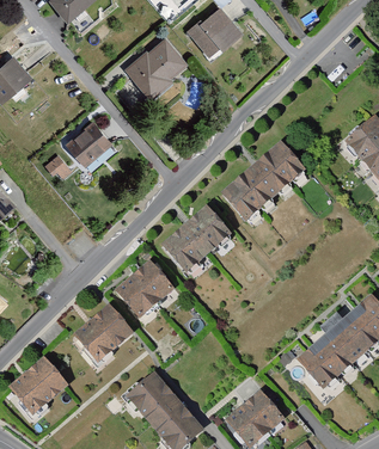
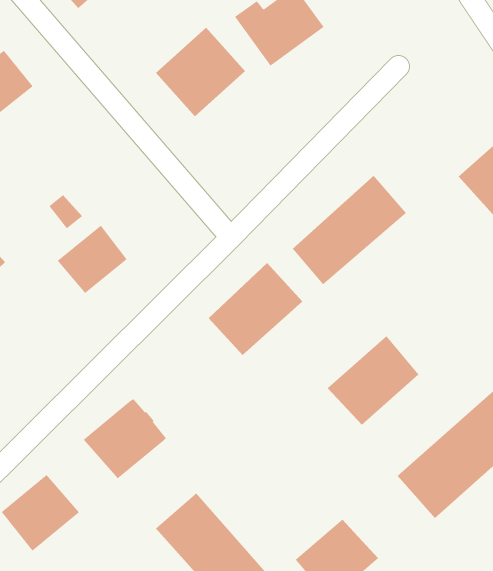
building: [63,115,115,165] -> [57,225,128,294]
building: none -> [327,335,419,426]
building: [115,259,175,318] -> none

